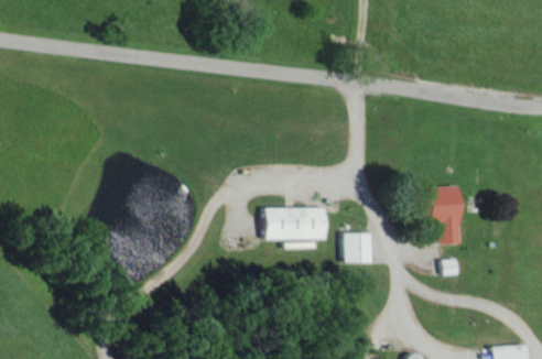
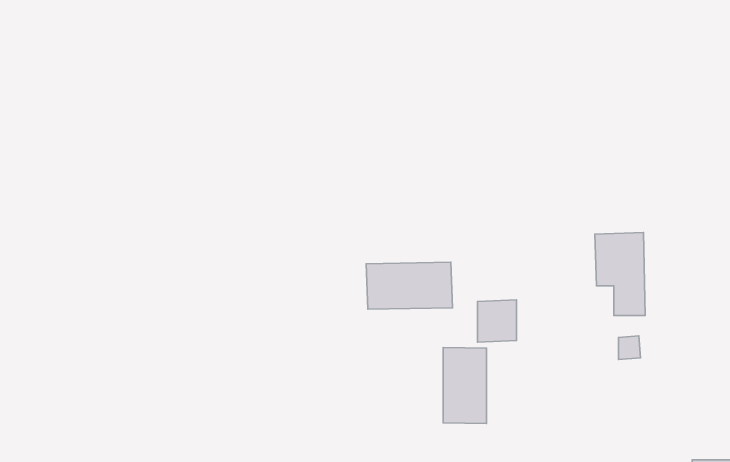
building: none -> [443,348,486,423]

